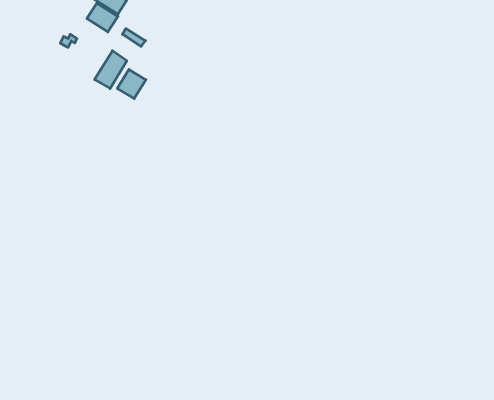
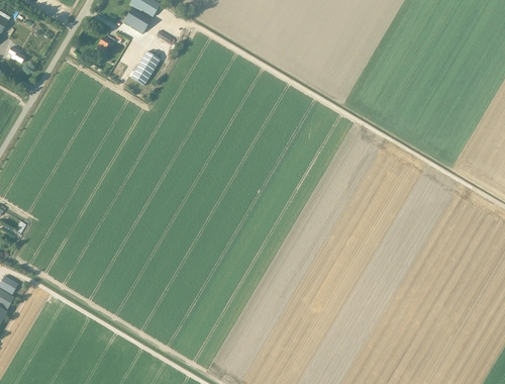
building: [117,69,146,99] -> none

